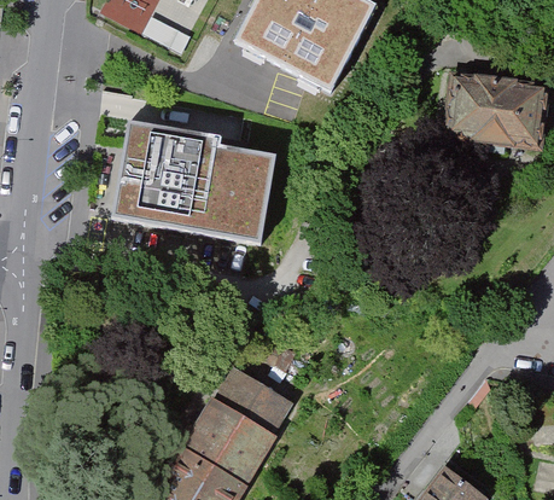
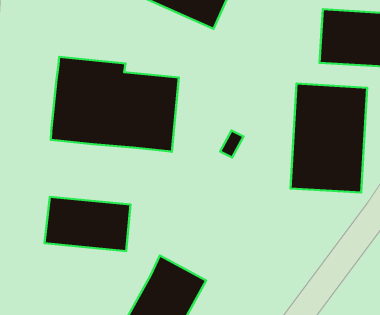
building: none -> [291,84,367,193]
building: none -> [45,197,130,251]

